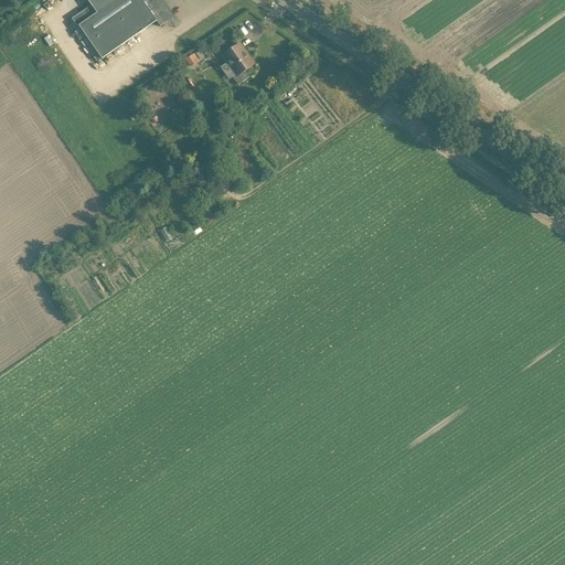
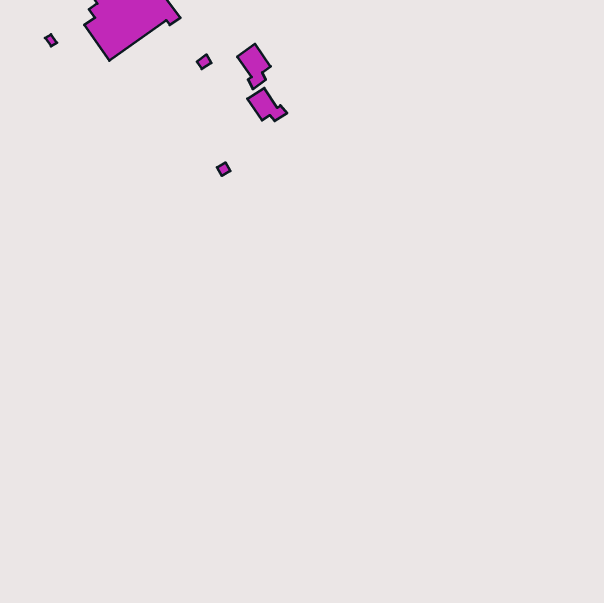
building: none -> [247,88,287,121]

